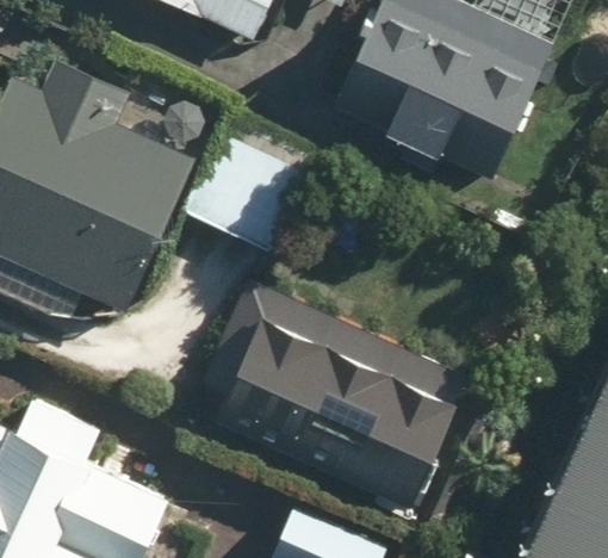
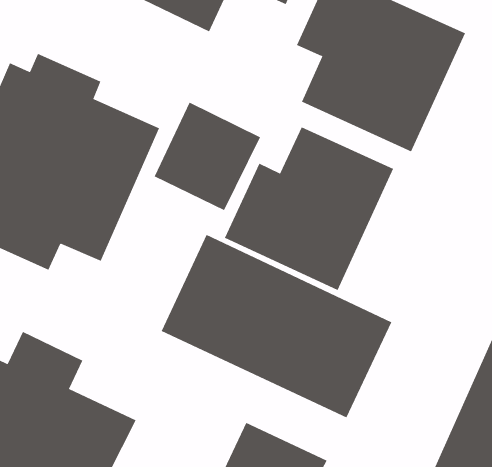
building: none -> [224,126,394,291]

